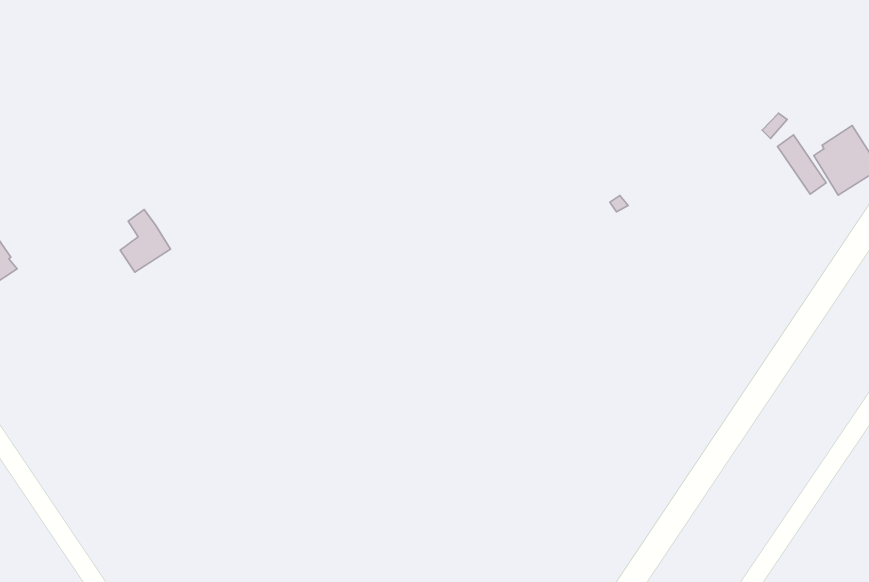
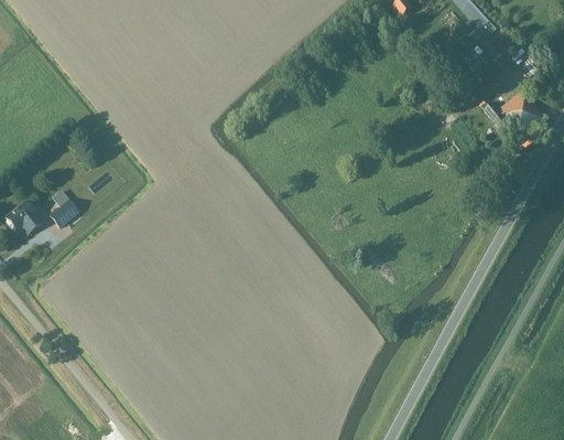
building: [120,210,171,272] -> [50,192,79,229]

